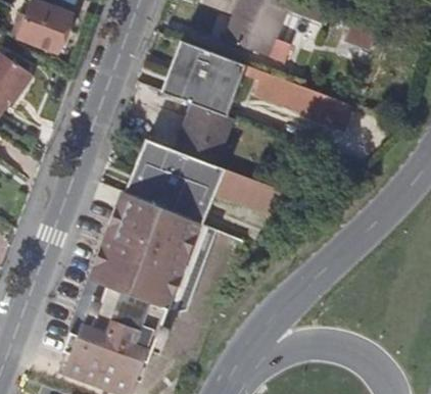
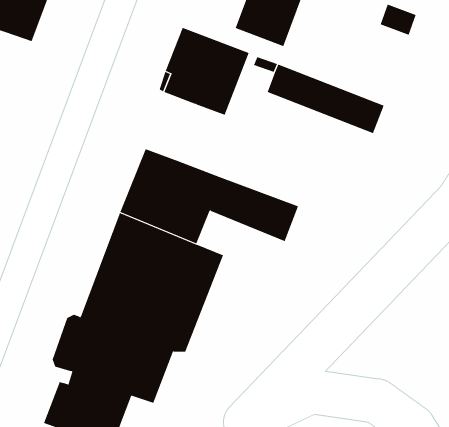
building: [178,105,229,165] -> none

